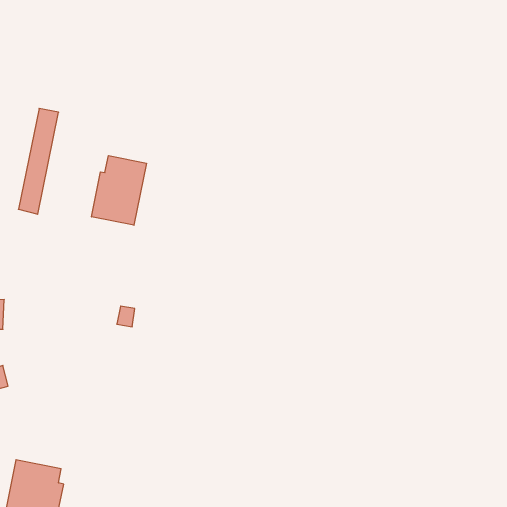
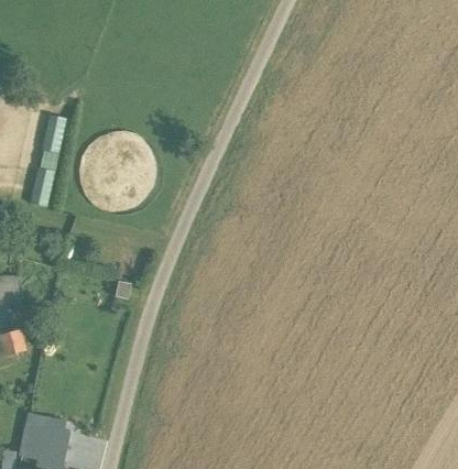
building: [92,156,146,225] -> none

